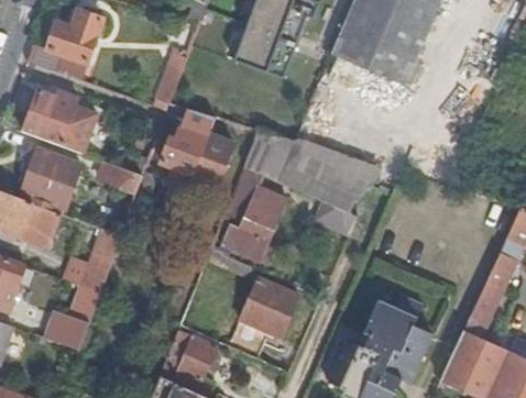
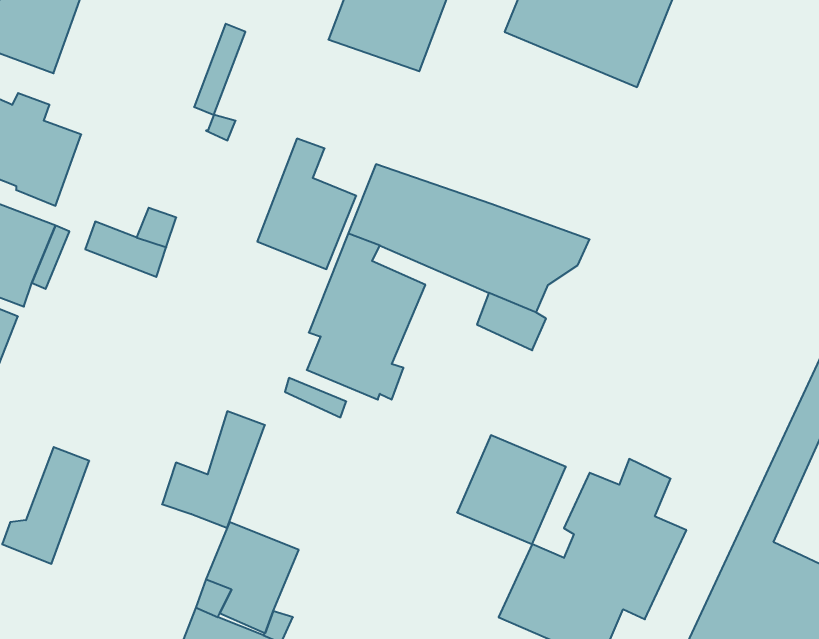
building: [160,108,216,176] -> none
building: [64,231,121,296] -> [162,411,265,528]
building: [239,278,299,339] -> [457,435,566,544]

